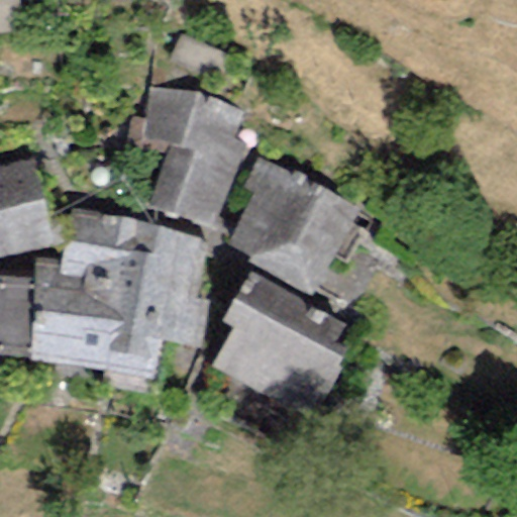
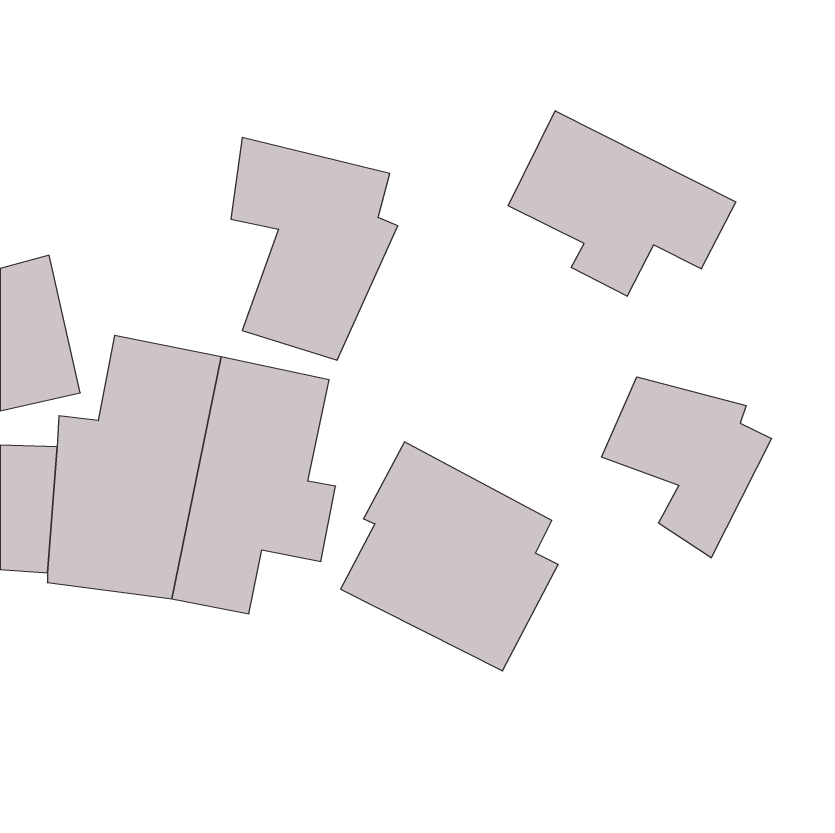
building: none -> [508,111,736,296]
building: [227,154,358,294] -> none
building: none -> [601,377,772,558]

